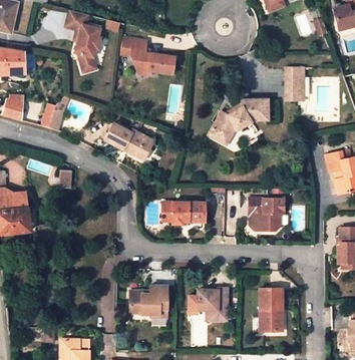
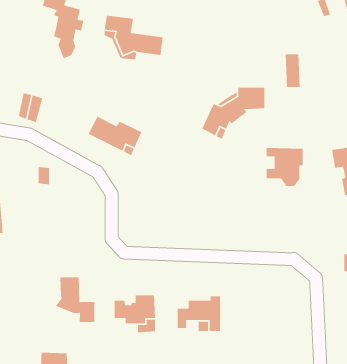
building: [251,201,285,237] -> [266,147,304,187]
building: [162,205,205,228] -> none
building: none -> [55,276,95,323]
building: [259,289,282,334] -> none

